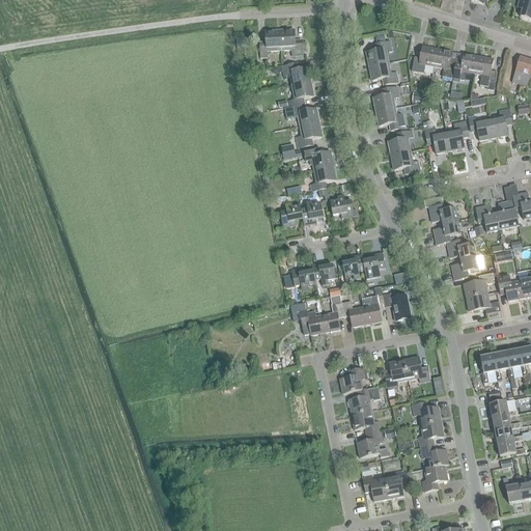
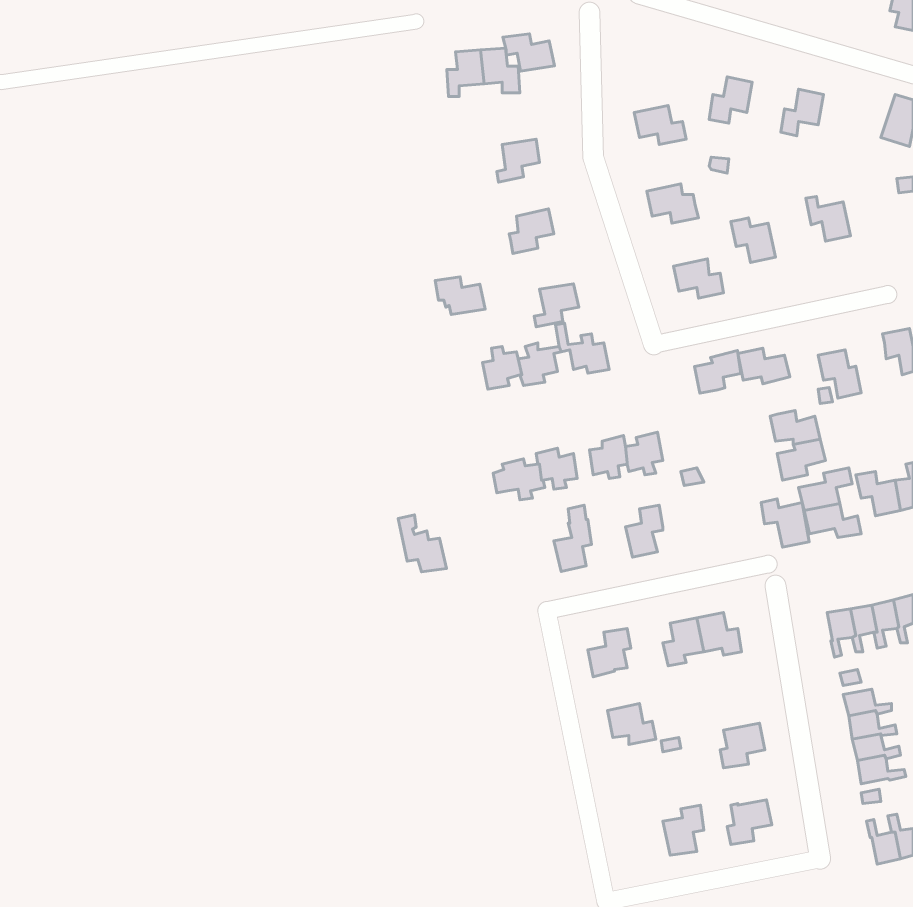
building: [366,39,392,65] -> none
building: [434,48,455,77] -> none
building: [475,55,497,89] -> none
building: [281,62,311,84] -> [503,34,555,71]
building: [372,85,398,111] -> none
building: [289,103,318,125] -> none
building: [490,107,511,137] -> none
building: [446,120,469,149] -> none
building: [388,129,413,155] -> none
building: [304,146,333,168] -> [435,277,485,314]
building: [497,199,519,228] -> none
building: [434,219,460,244] -> [695,350,741,393]
building: [383,291,411,319] -> [761,499,809,547]
building: [341,300,367,327] -> none
building: [298,301,326,334] -> [398,515,447,572]
building: [350,386,380,413] -> none
building: [412,401,441,424] -> none
building: [358,429,389,457] -> none
building: [420,444,449,468] -> none
building: [363,475,389,500] -> none

